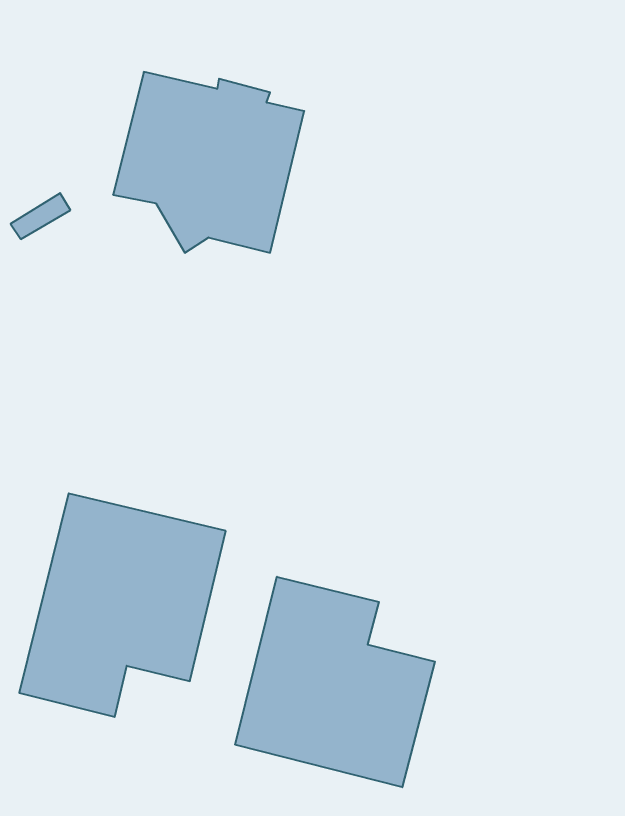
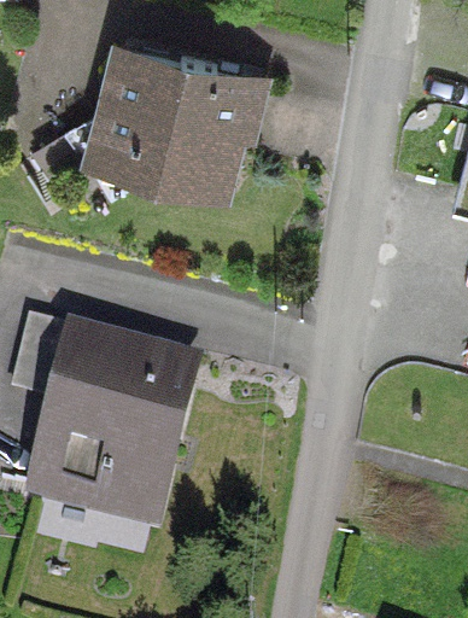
building: [235,577,435,787] -> none

